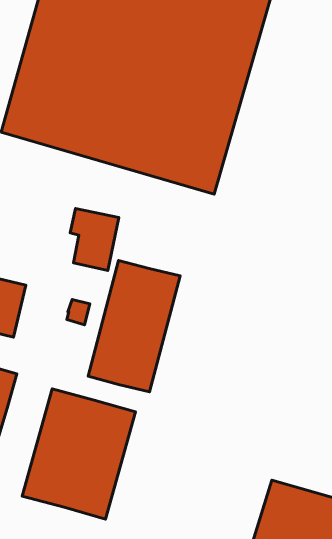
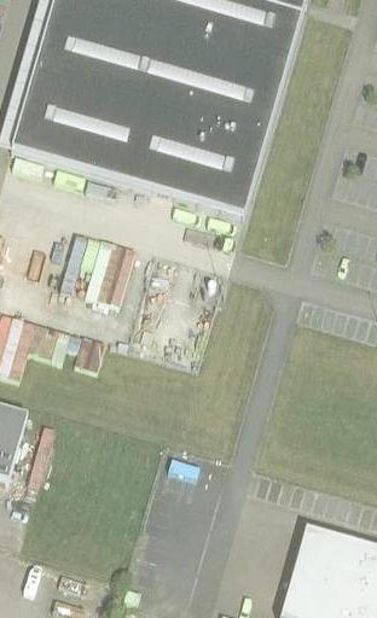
building: [88,260,180,392] -> none
building: [22,389,136,519] -> none

